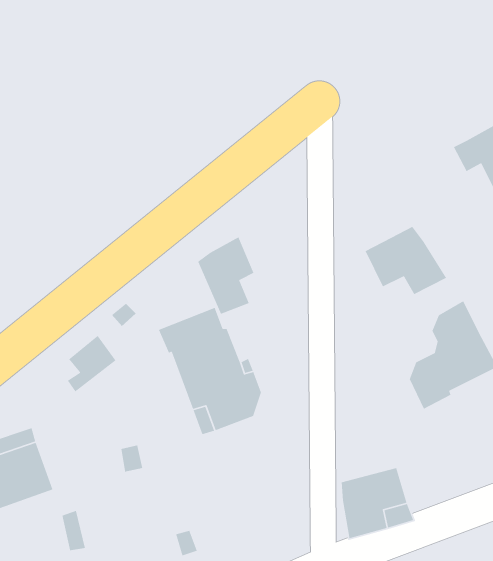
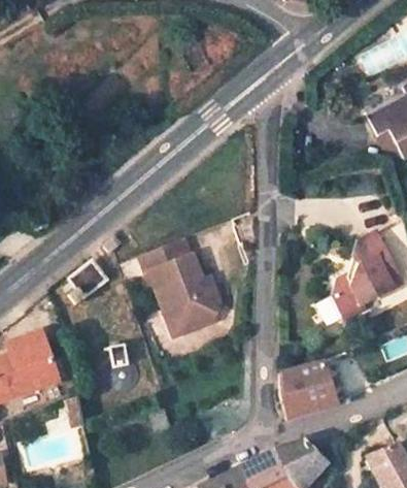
building: [365,226,447,295] -> none
building: [197,236,254,315] -> none

